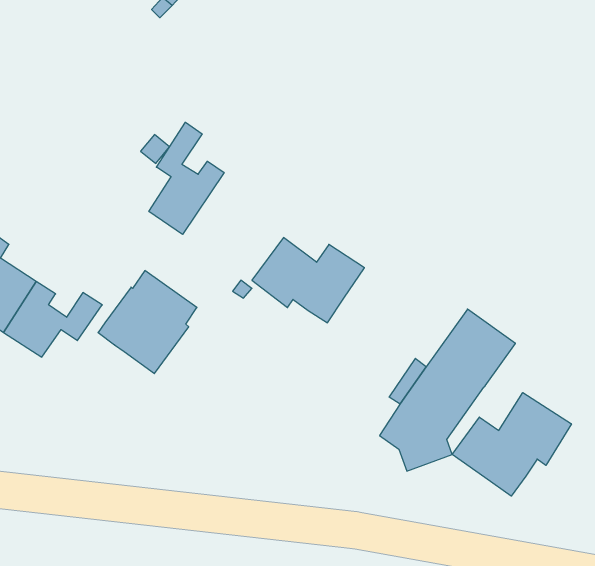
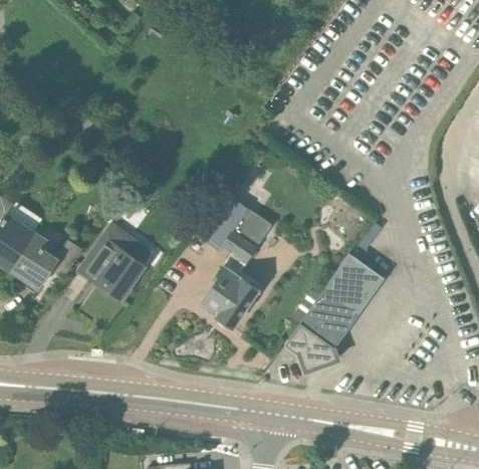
building: [149,122,224,234] -> none
building: none -> [202,254,261,327]
building: [452,393,571,496] -> none

